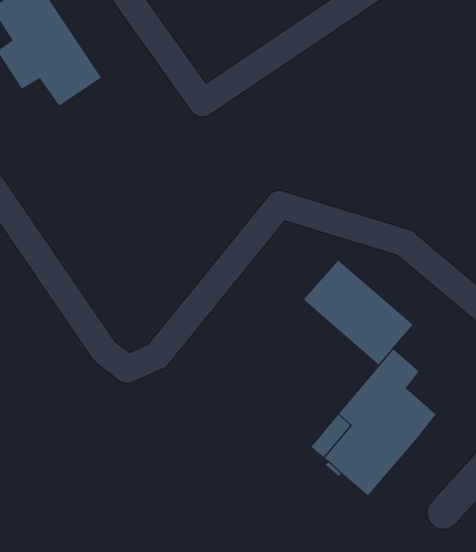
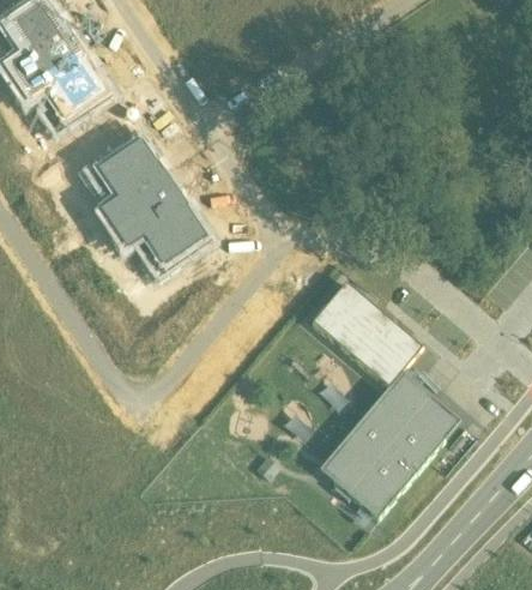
building: none -> [98,145,207,270]
building: none -> [416,390,460,433]

